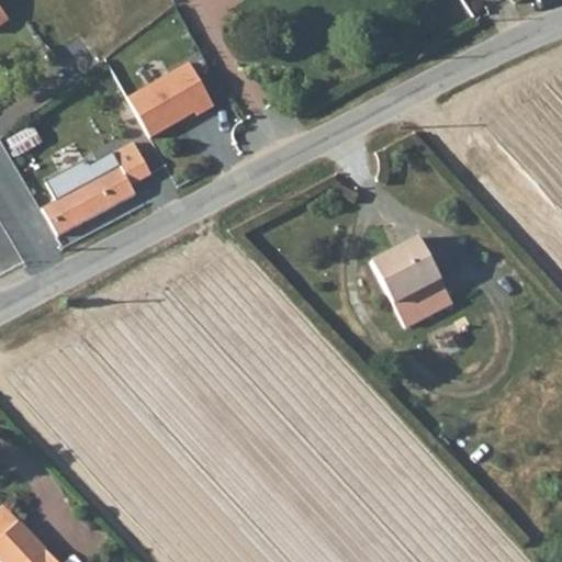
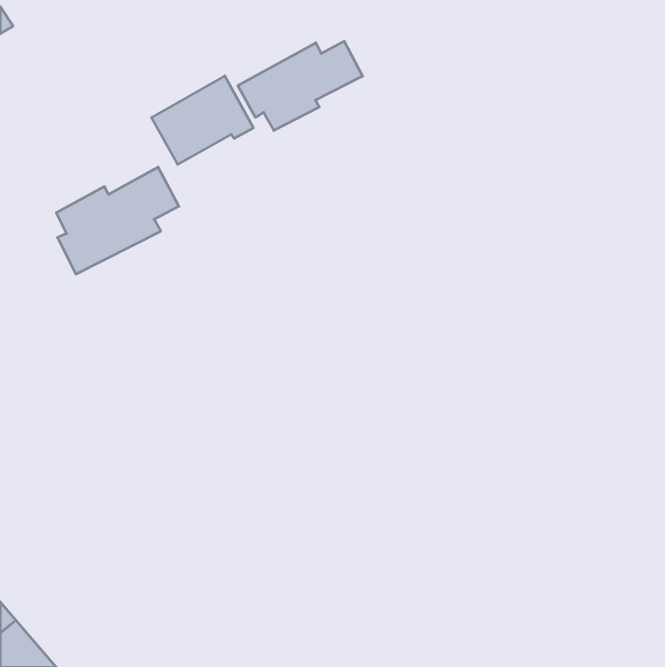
building: none -> [238,41,363,131]
building: [369,233,451,323] -> none

